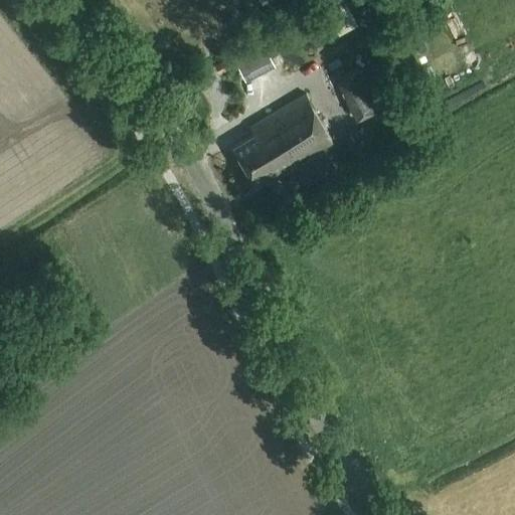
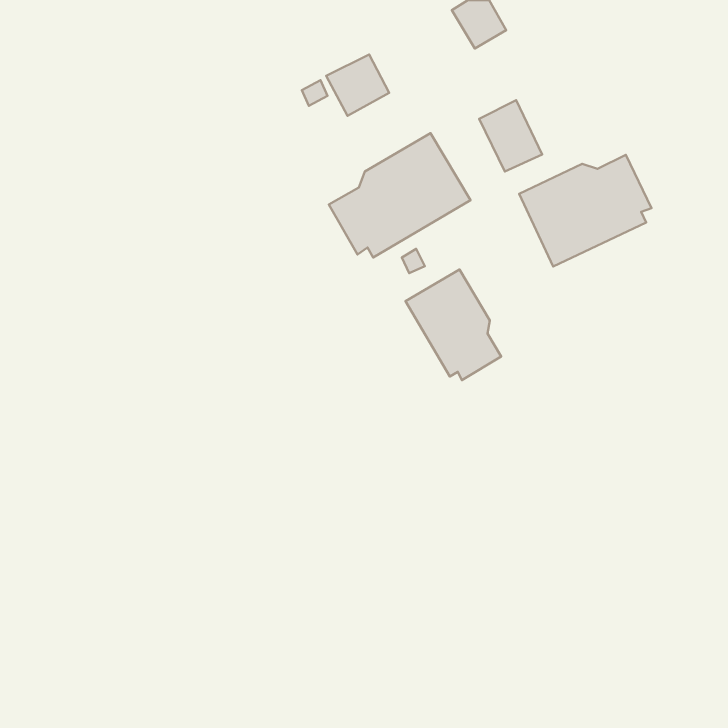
building: none -> [519,155,652,267]
building: none -> [405,270,501,380]

